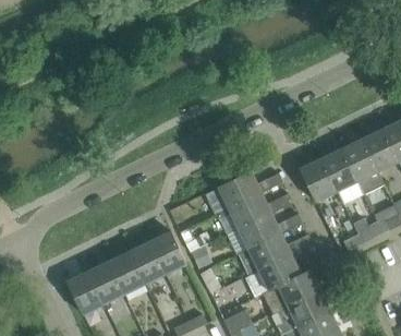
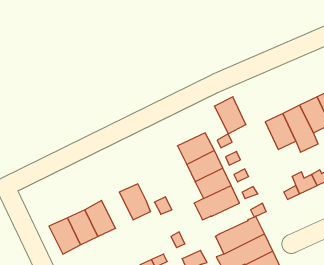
building: [300,158,337,202] -> [214,97,246,134]
building: [129,241,166,284] -> none
building: [244,254,301,298] -> none

